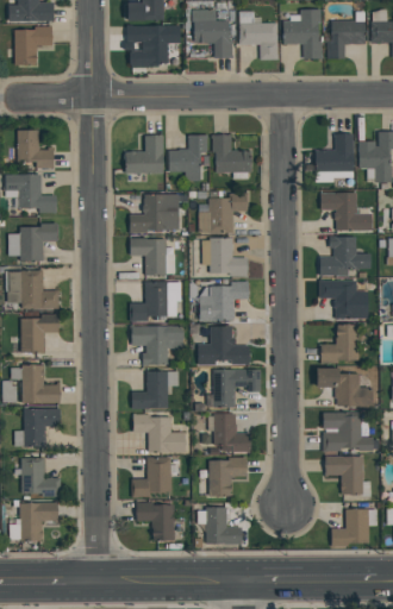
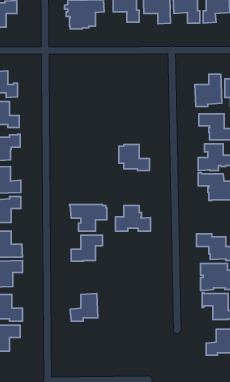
building: [125,136,163,174] -> none
building: [169,136,207,181] -> none
building: [212,136,251,178] -> none
building: [199,193,249,233] -> none
building: [130,194,187,233] -> none
building: [130,238,175,276] -> none
building: [199,281,249,321] -> none
building: [130,282,181,321] -> none
building: [320,325,358,363] -> none
building: [207,370,261,408] -> none
building: [133,414,185,453] -> none
building: [208,414,251,453] -> none
building: [208,458,247,496] -> none
building: [136,502,174,540] -> none
building: [198,507,242,544] -> none

